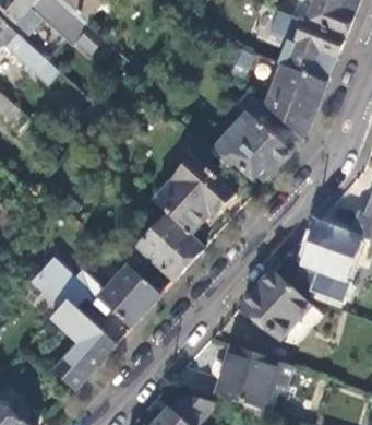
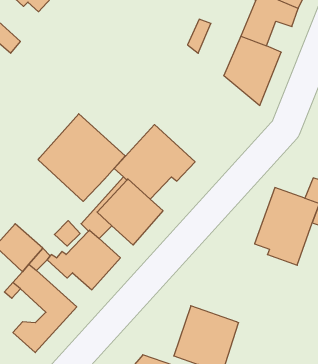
building: [213,93,302,178] -> none
building: none -> [38,114,125,201]
building: [240,268,312,339] -> none

